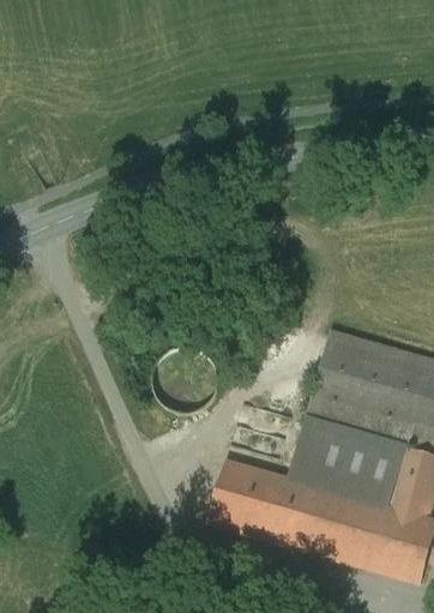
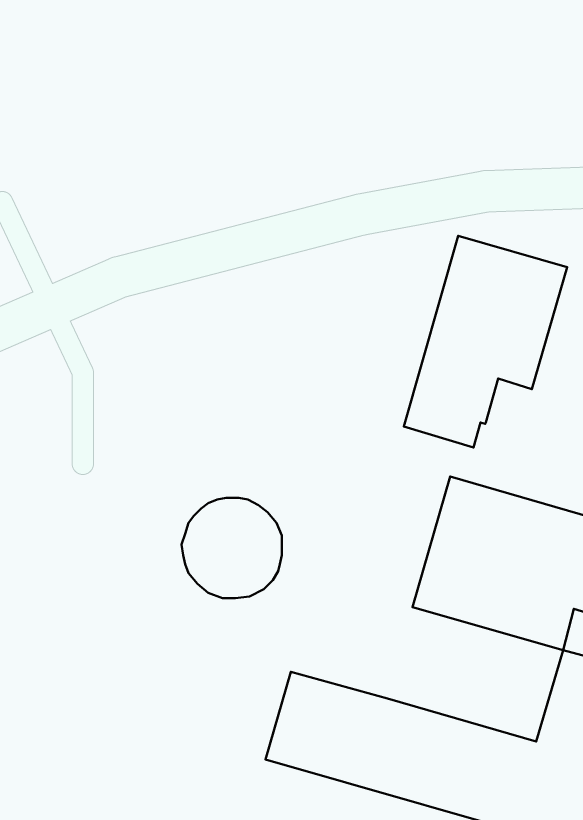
building: none -> [404,236,567,447]
building: [289,417,406,507] -> none

